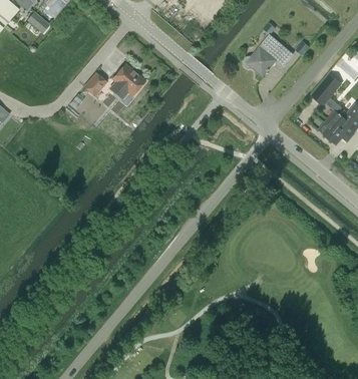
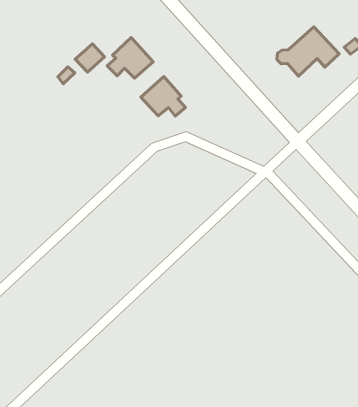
building: none -> [141,76,186,116]

